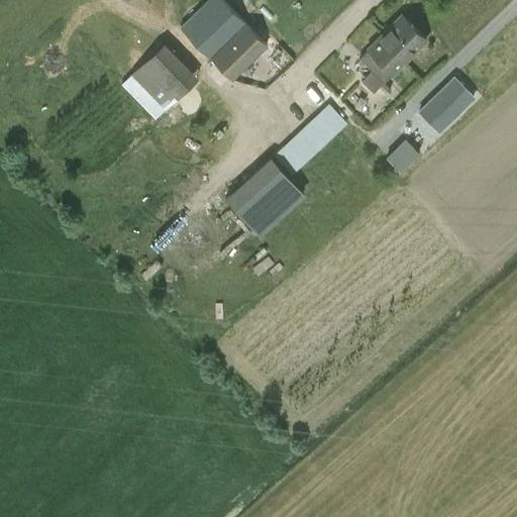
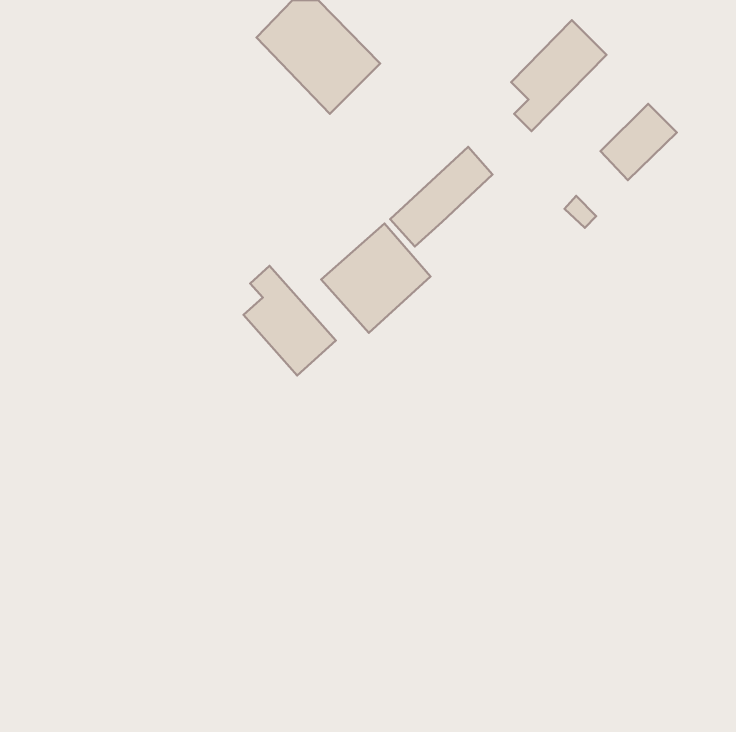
building: [123,41,201,117] -> none
building: none -> [244,266,336,375]

